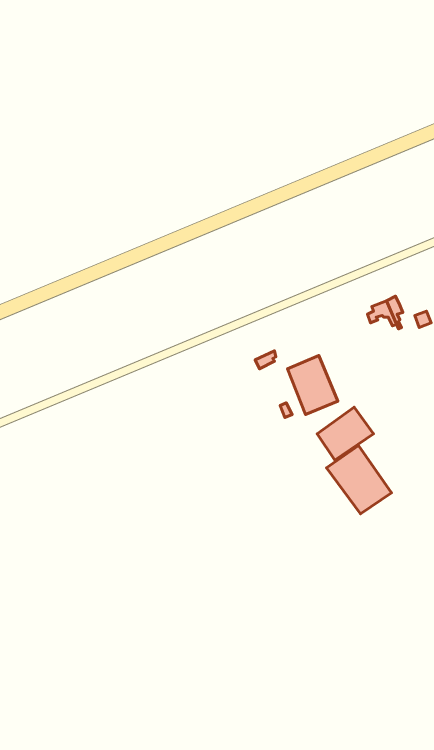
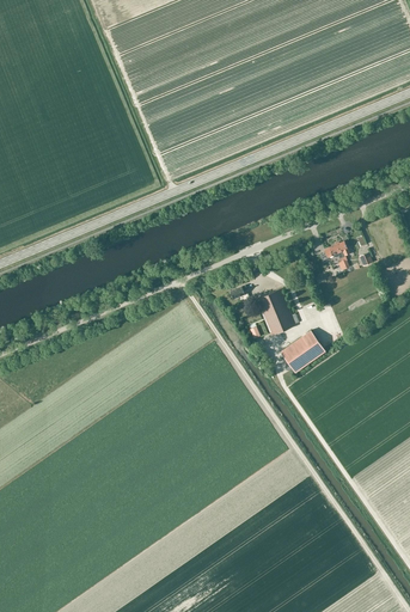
building: [327,445,391,514] -> none

